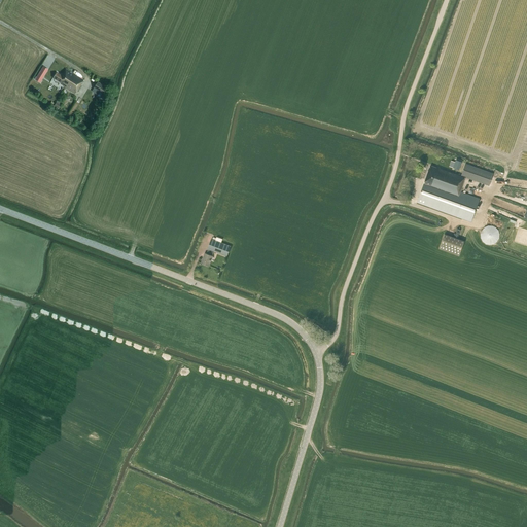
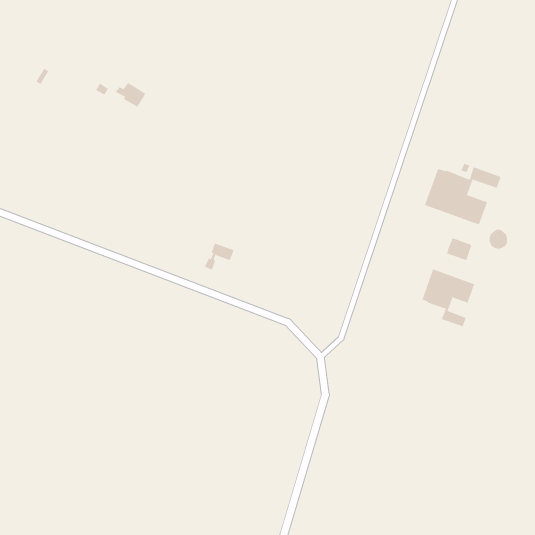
building: [54,69,84,94] -> [115,82,146,107]
building: none -> [422,268,475,327]

